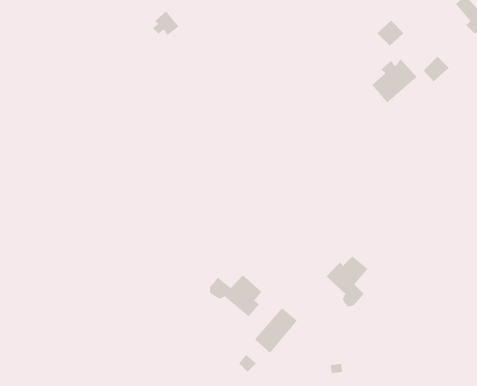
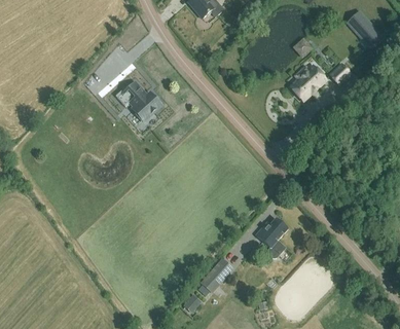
building: none -> [115,82,161,121]
building: [209,275,262,317] -> none

